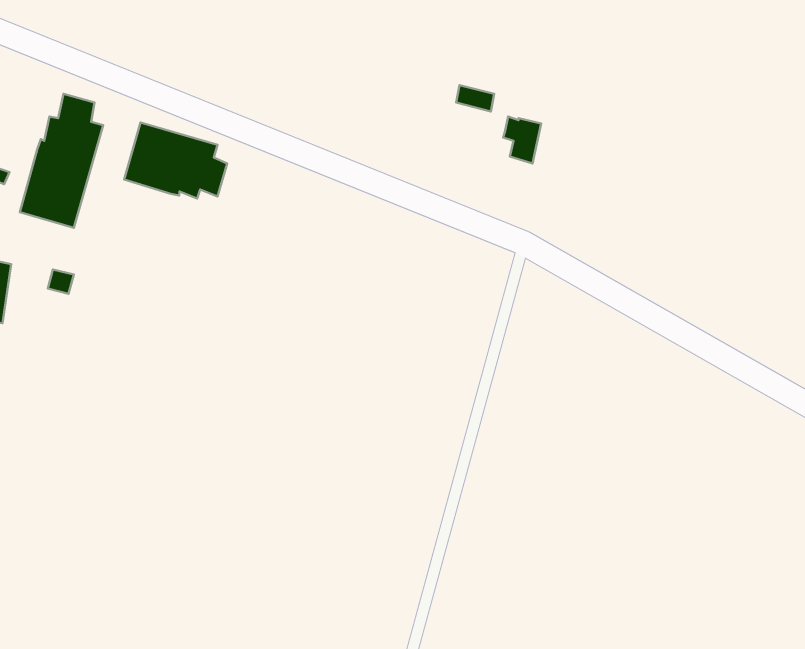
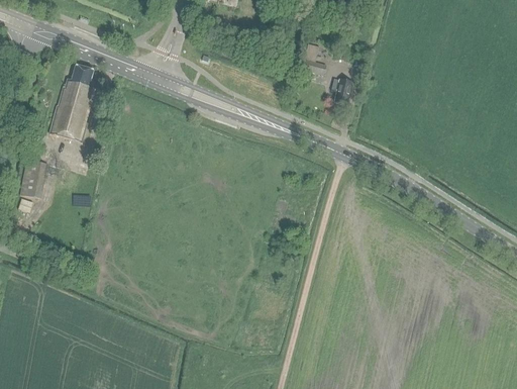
building: [124,123,227,198] -> none

